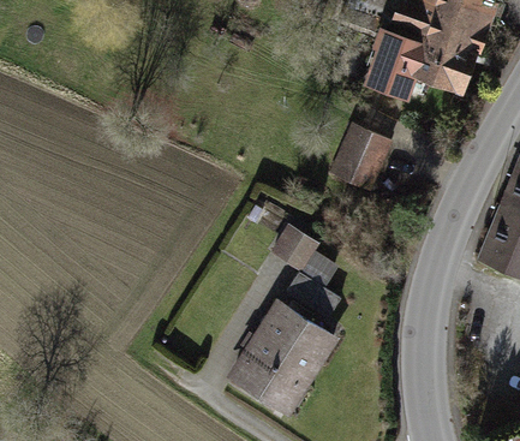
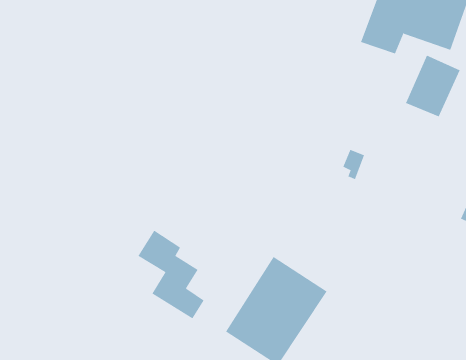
building: [334,123,390,186] -> [405,55,460,117]
building: [273,225,341,316] -> [137,230,204,319]

